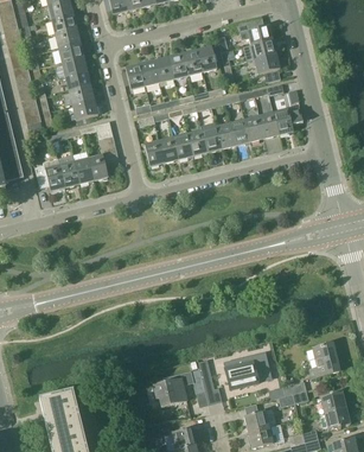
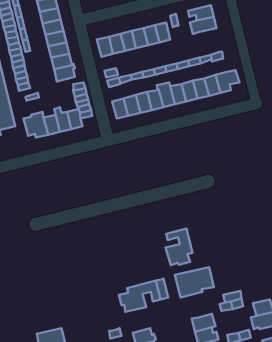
building: [245,53,279,82] -> none
building: none -> [166,228,192,265]
building: [308,342,338,377] -> none
building: [38,389,81,434] -> none

